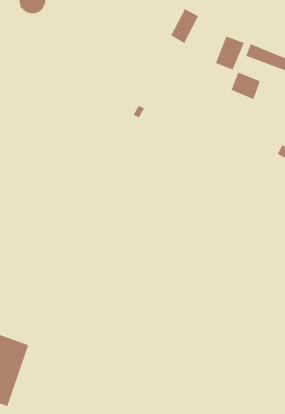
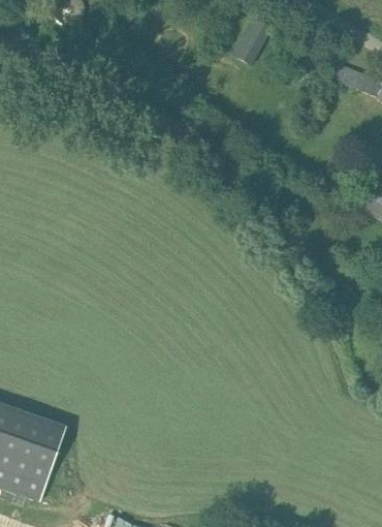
building: [215,36,245,71] -> none
building: [230,72,261,100] -> none

